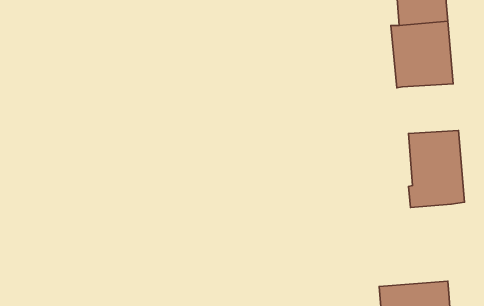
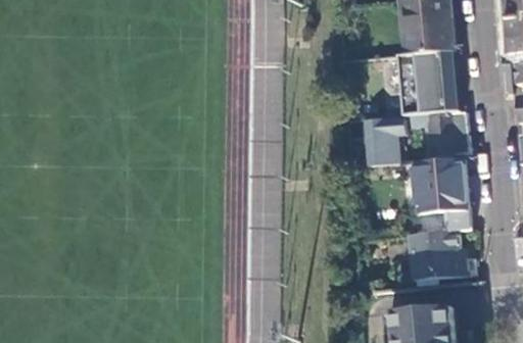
building: none -> [407,111,466,155]
building: none -> [362,116,401,165]
building: none -> [402,231,470,280]

